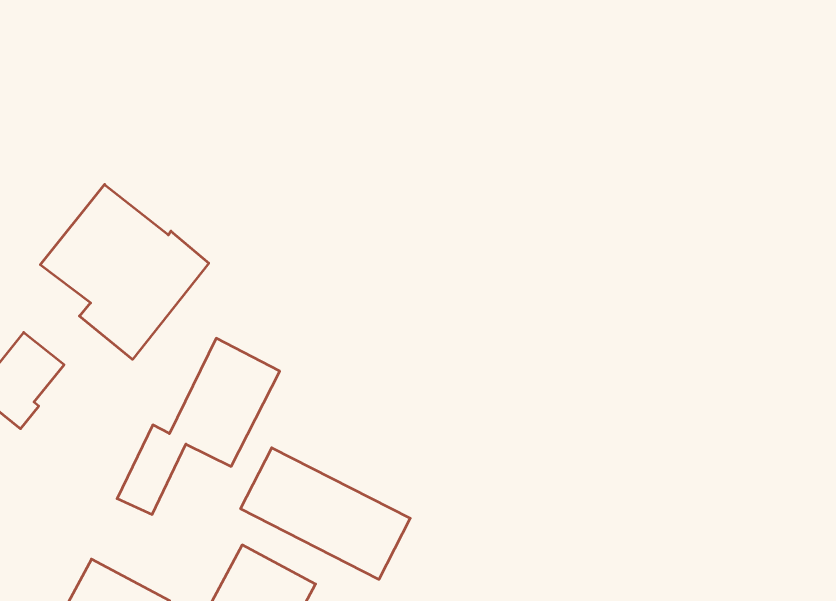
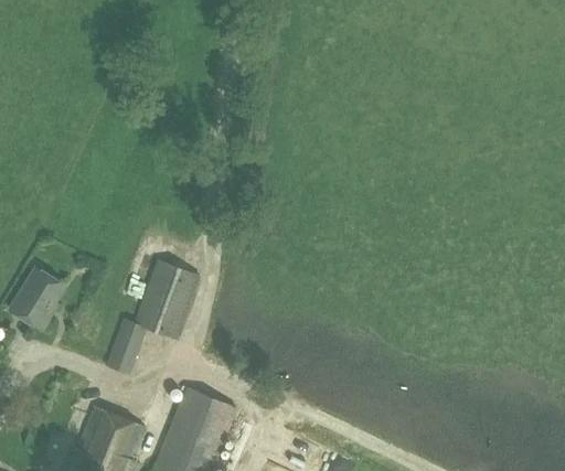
building: [40,184,209,359] -> none
building: [241,448,410,579] -> none

